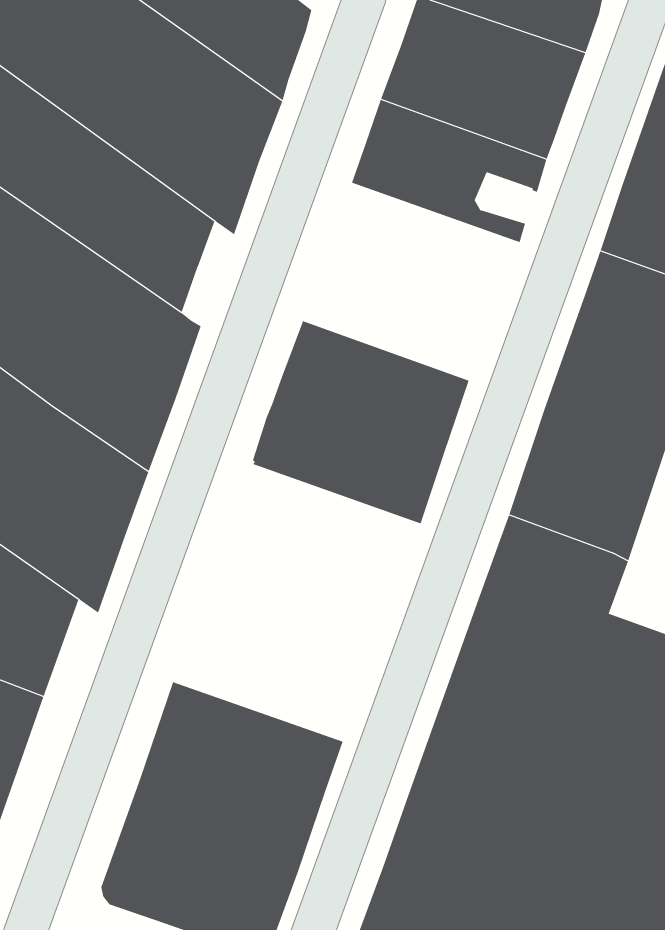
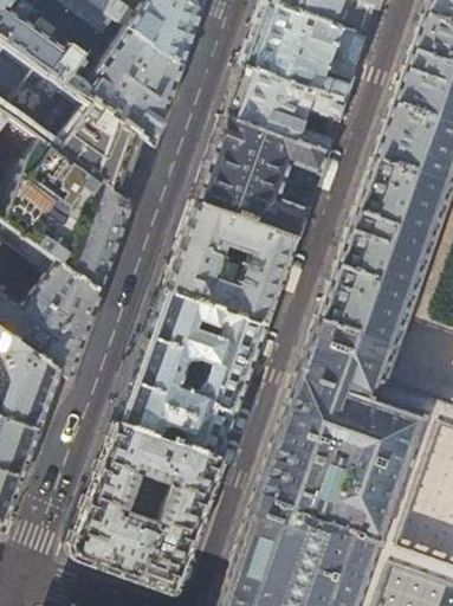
building: none -> [194,118,326,239]
building: none -> [115,290,266,459]

